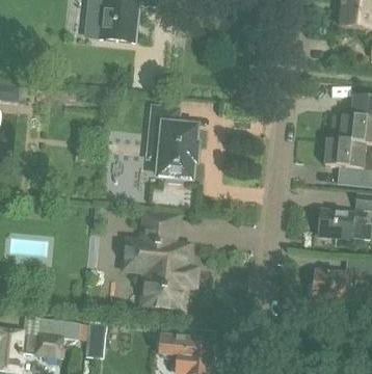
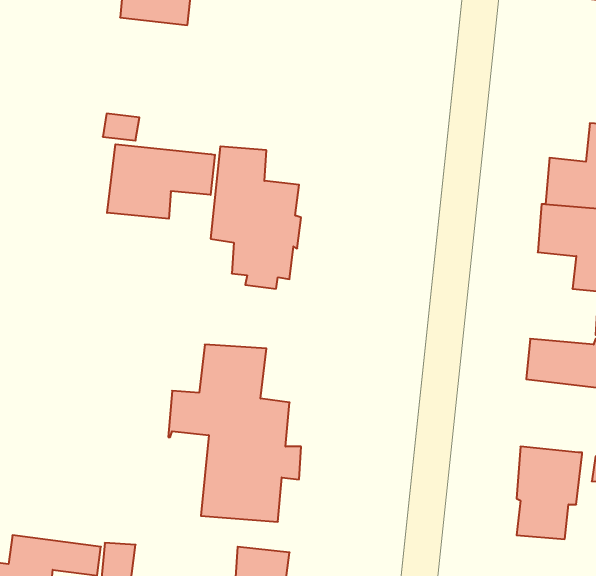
building: none -> [107,144,215,219]

